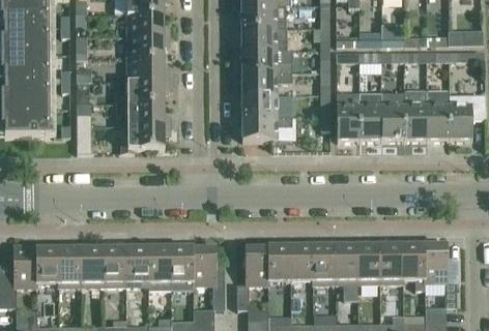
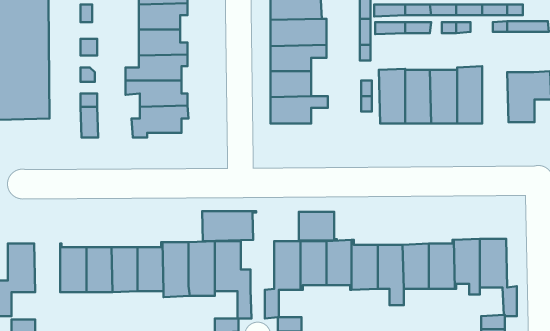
building: [426,90,449,140] -> none
building: none -> [202,211,256,241]
building: none -> [299,212,337,241]
building: [35,244,58,287] -> none

